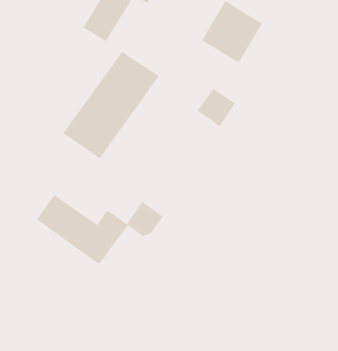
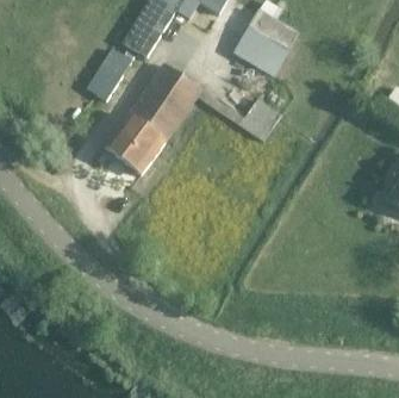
building: none -> [95,46,131,98]
building: [36,194,164,265] -> none

